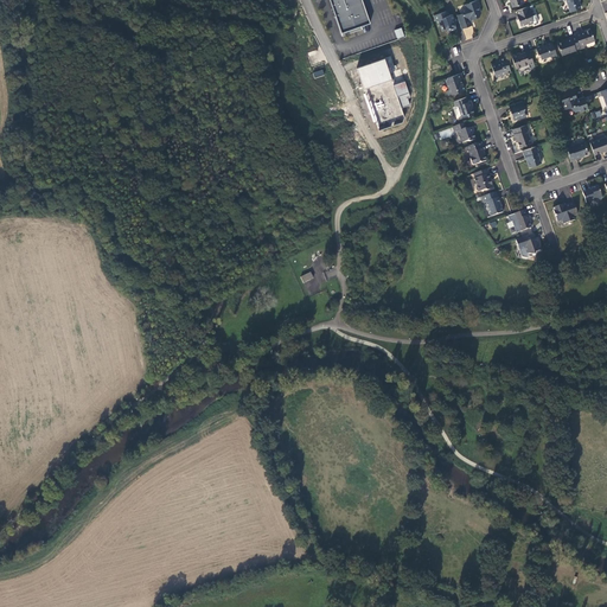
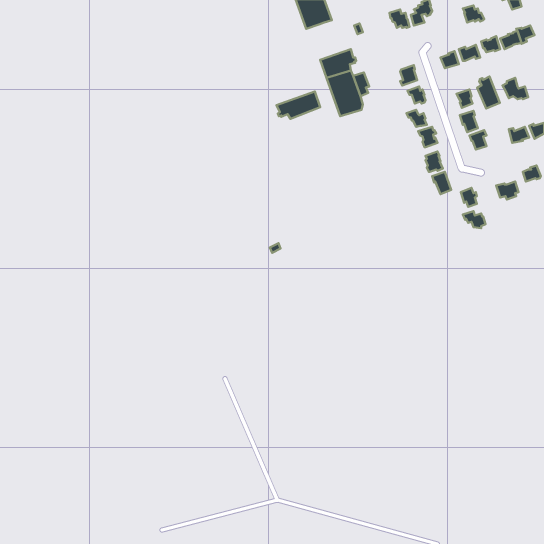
building: none -> [477,77,500,108]
building: none -> [276,91,320,119]

